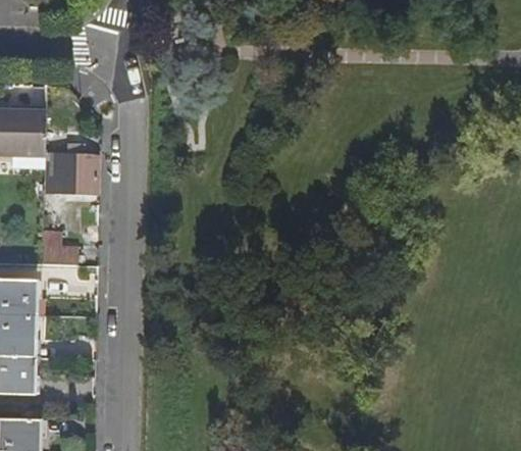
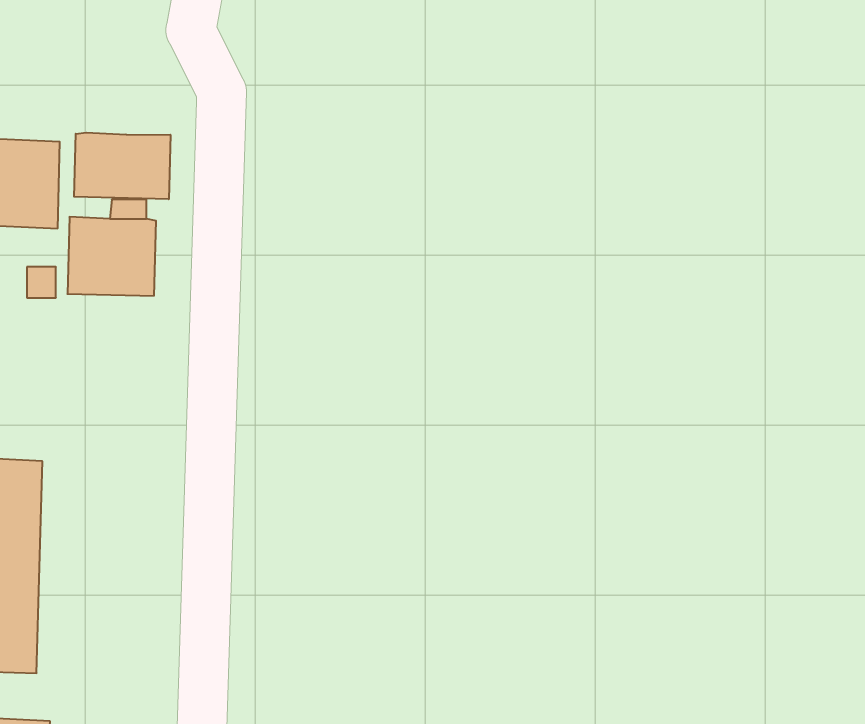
building: none -> [74,133,170,199]
building: [42,232,77,264] -> none

